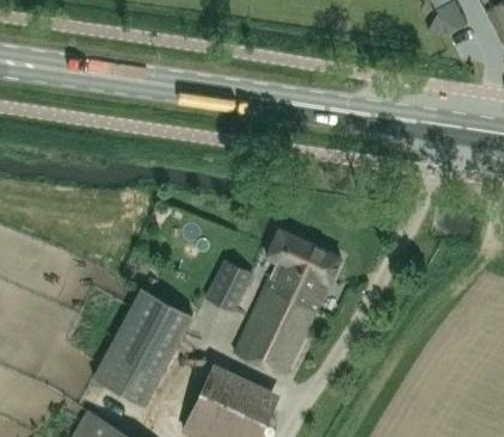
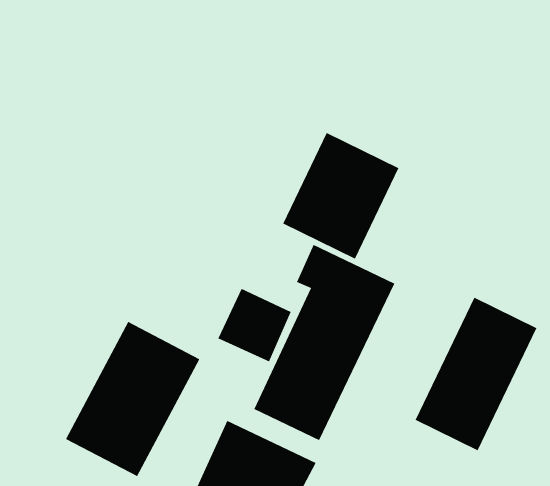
building: none -> [283,132,399,260]
building: none -> [415,297,537,451]

